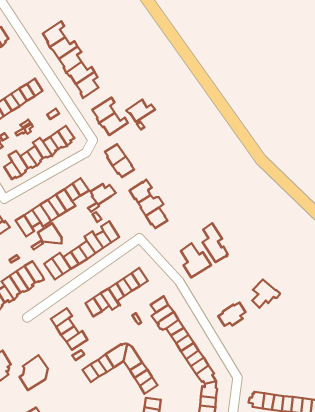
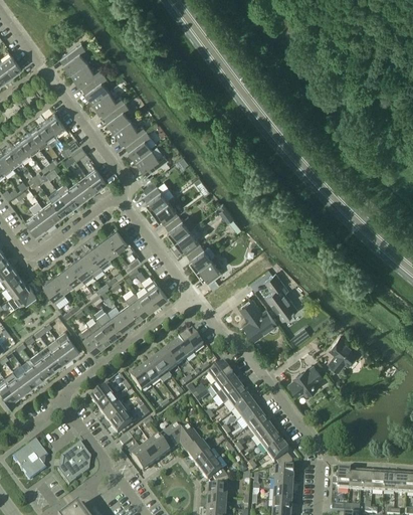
building: [126,100,155,122] -> [113,120,147,147]
building: [90,184,116,205] -> [165,215,195,240]
building: [38,223,62,244] -> none

